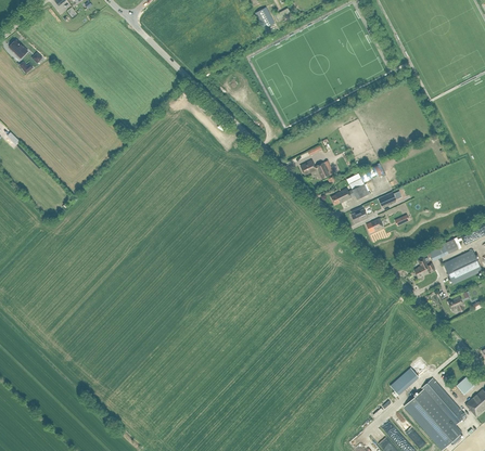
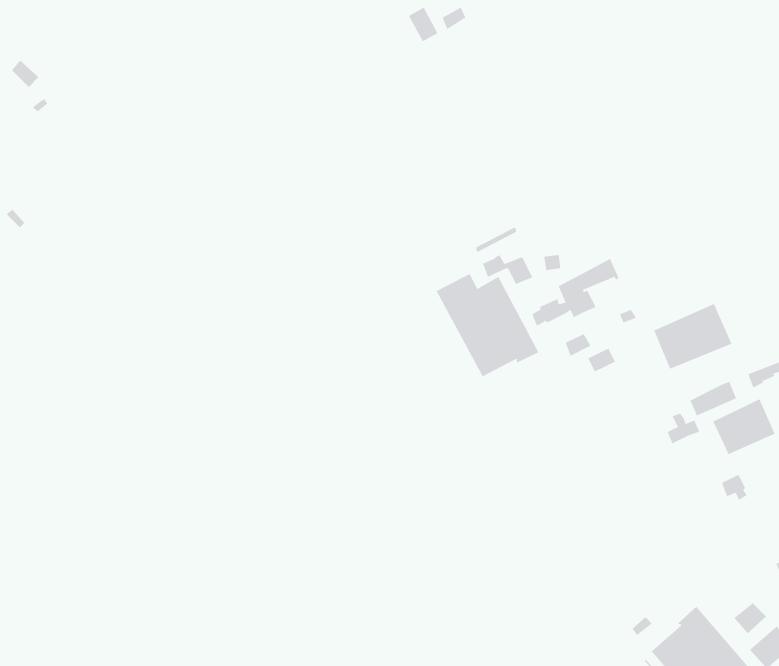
building: none -> [436,273,539,377]
building: none -> [654,303,732,370]

